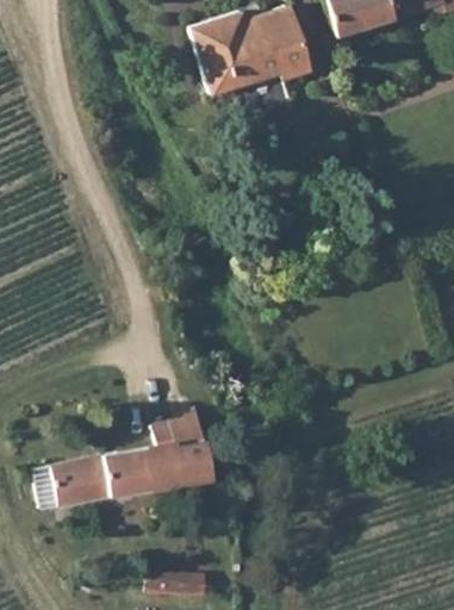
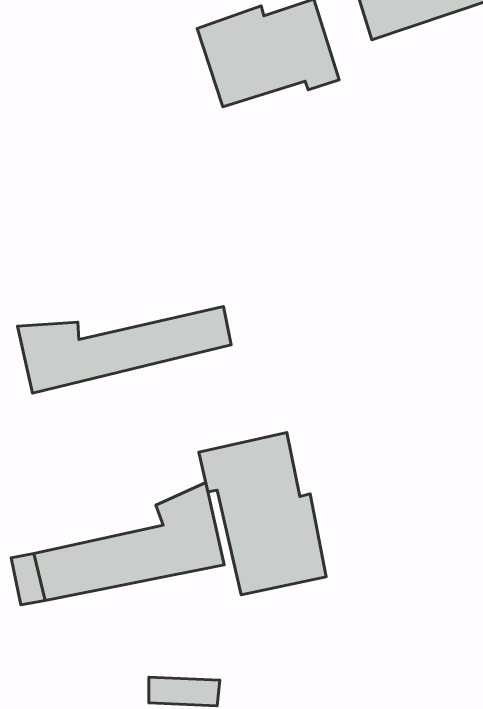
building: none -> [17,306,231,393]
building: none -> [199,432,326,595]

